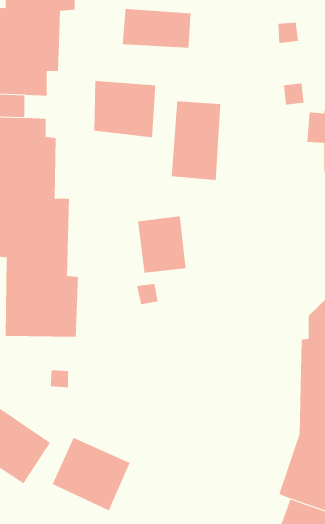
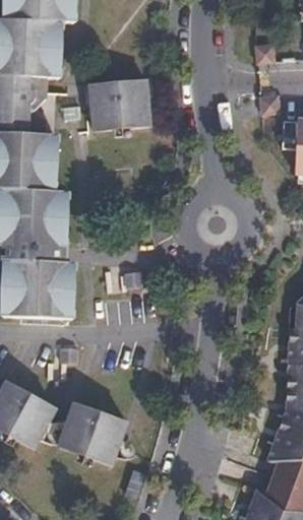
building: [122,8,191,49] -> none
building: [171,100,221,181] -> none
building: [138,215,186,273] -> none

